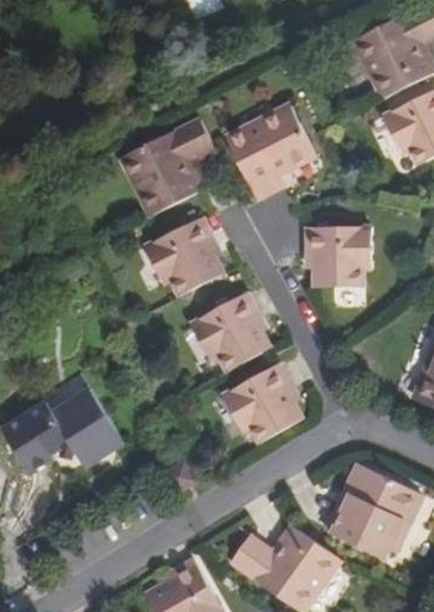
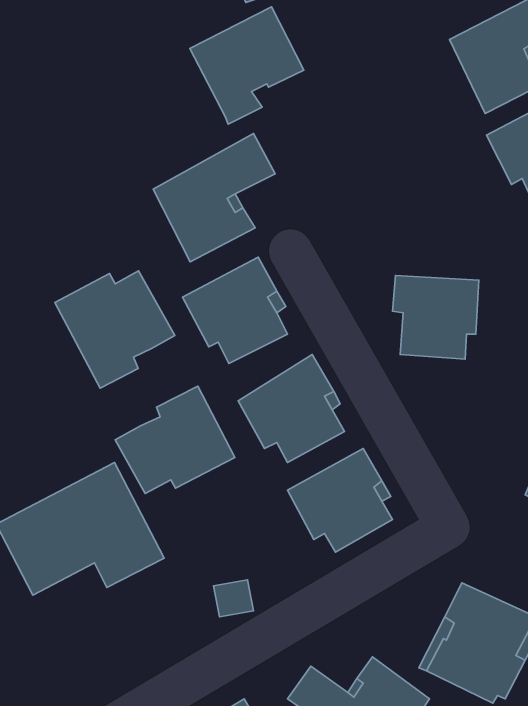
building: [226,108,314,198] -> [190,7,304,124]
building: none -> [55,271,175,388]
building: none -> [115,386,235,494]

